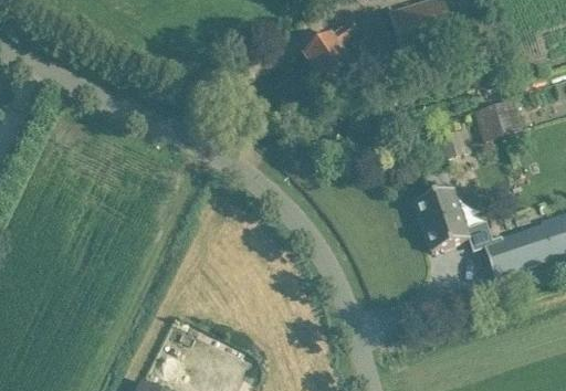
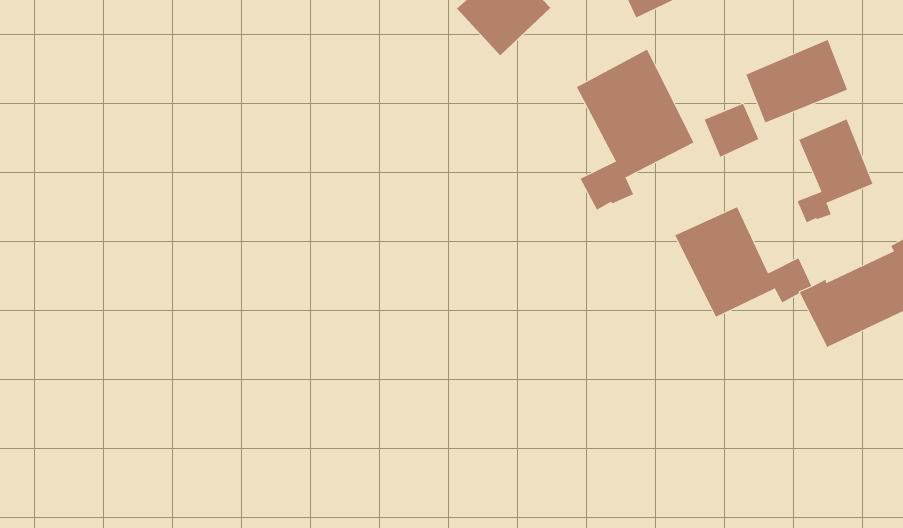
building: none -> [576,49,694,210]
building: none -> [797,118,873,223]

